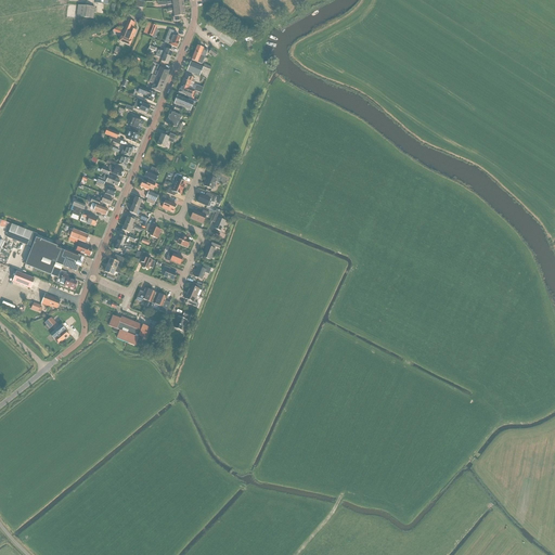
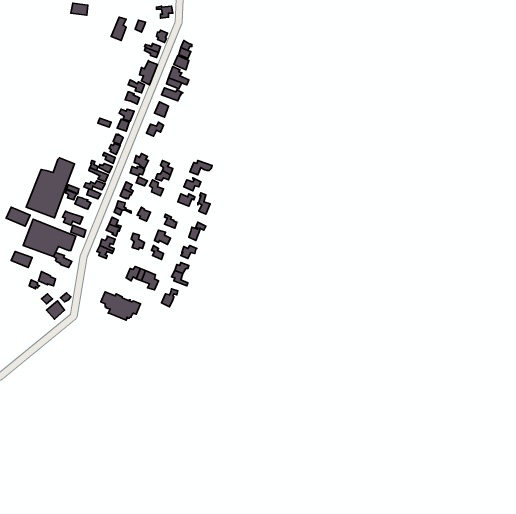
building: none -> [26,158,74,218]

